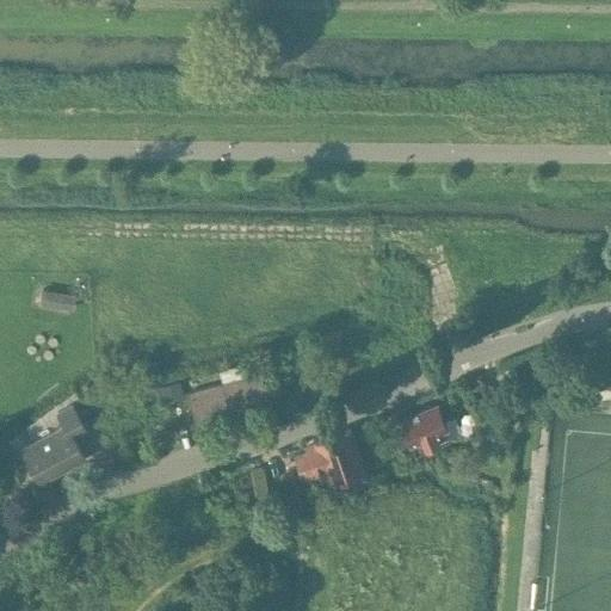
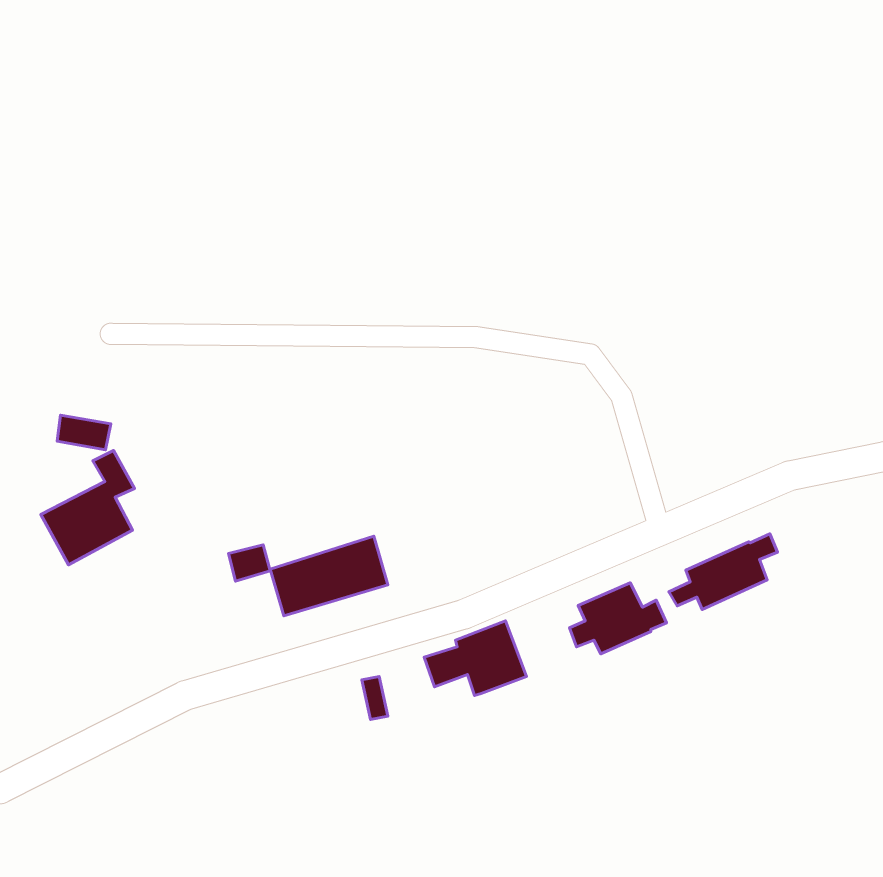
building: none -> [669,534,778,609]
building: [21,408,86,487] -> [41,451,134,565]

